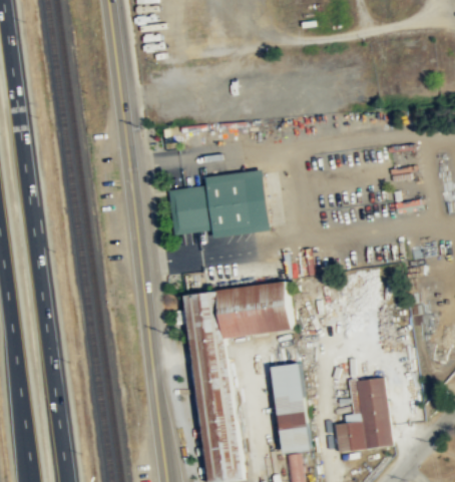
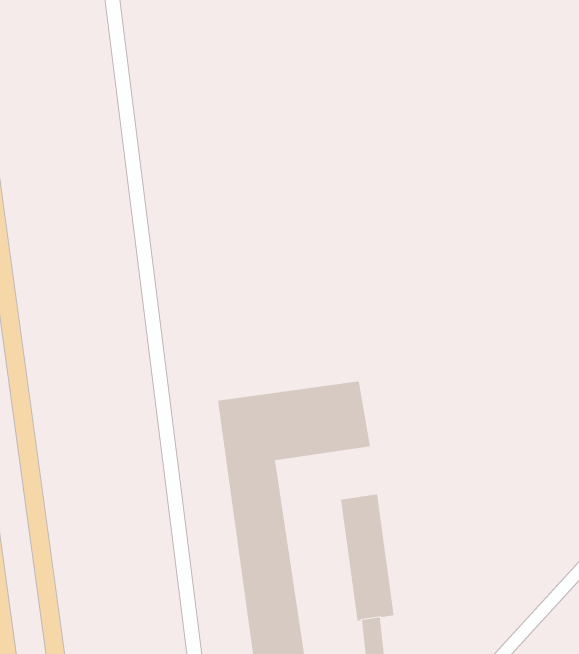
building: [168,167,271,236] -> none
building: [335,377,395,454] -> none

